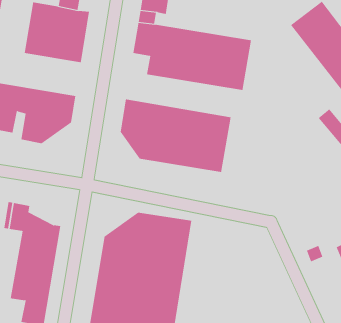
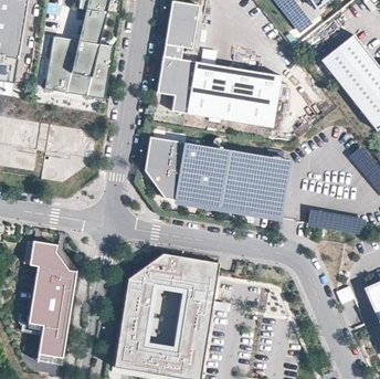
building: none -> [250,154,287,215]
building: none -> [308,209,366,233]

